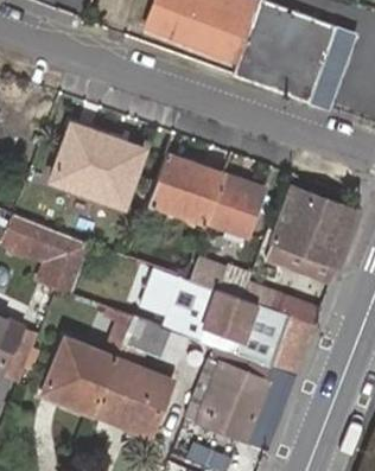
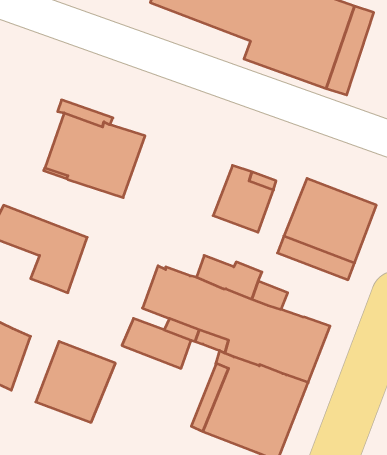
building: [148,155,223,223] -> none
building: [93,358,170,435] -> none

